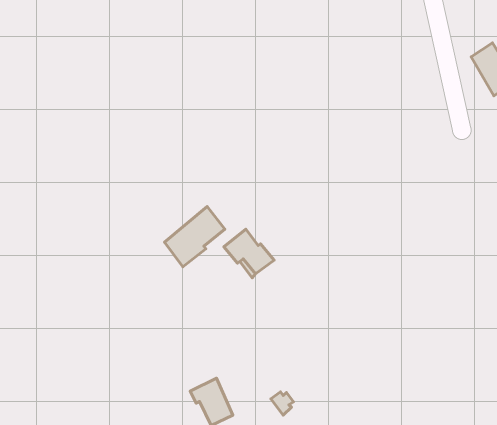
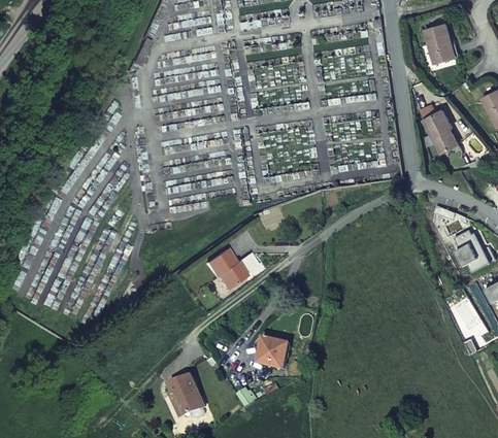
building: [164,206,225,267] -> none
building: none -> [257,336,289,368]

